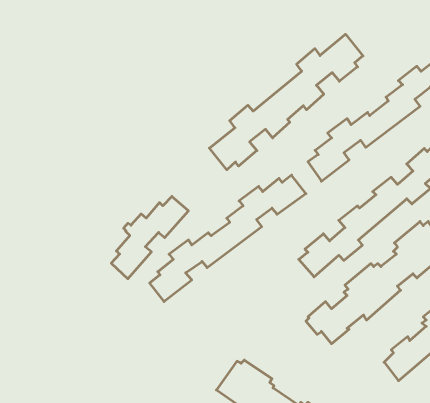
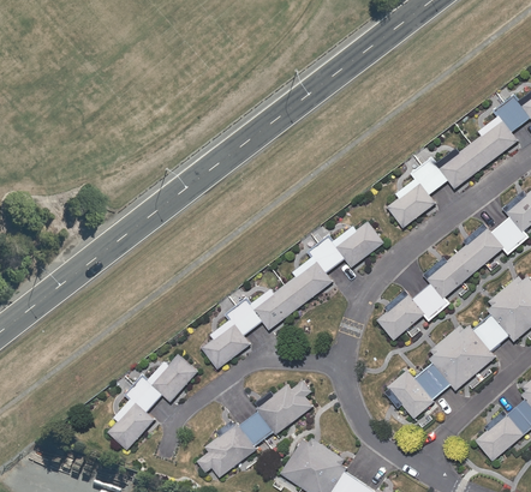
building: [209,34,363,170] -> none
building: [111,196,188,279] -> [108,354,198,450]
building: none -> [197,380,314,478]

